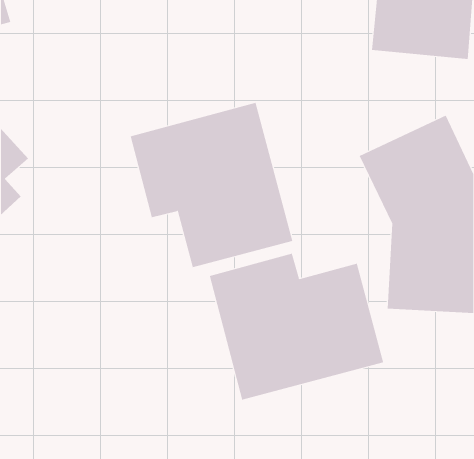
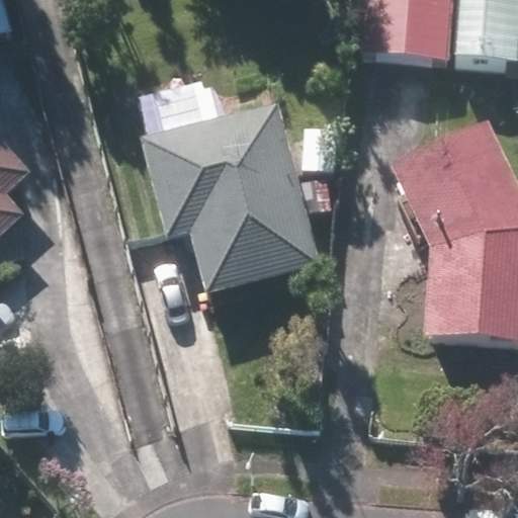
building: [209,253,384,401] -> none

